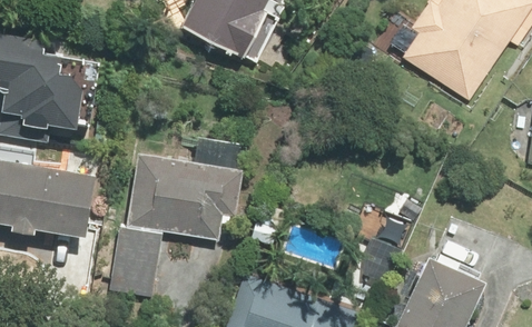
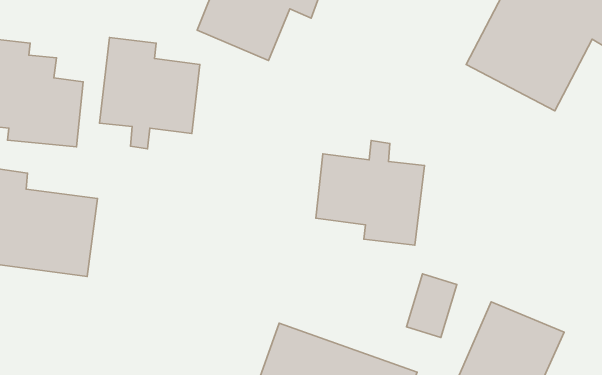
building: none -> [99,37,200,149]
building: none -> [316,141,424,245]
building: [110,138,246,293] -> none

